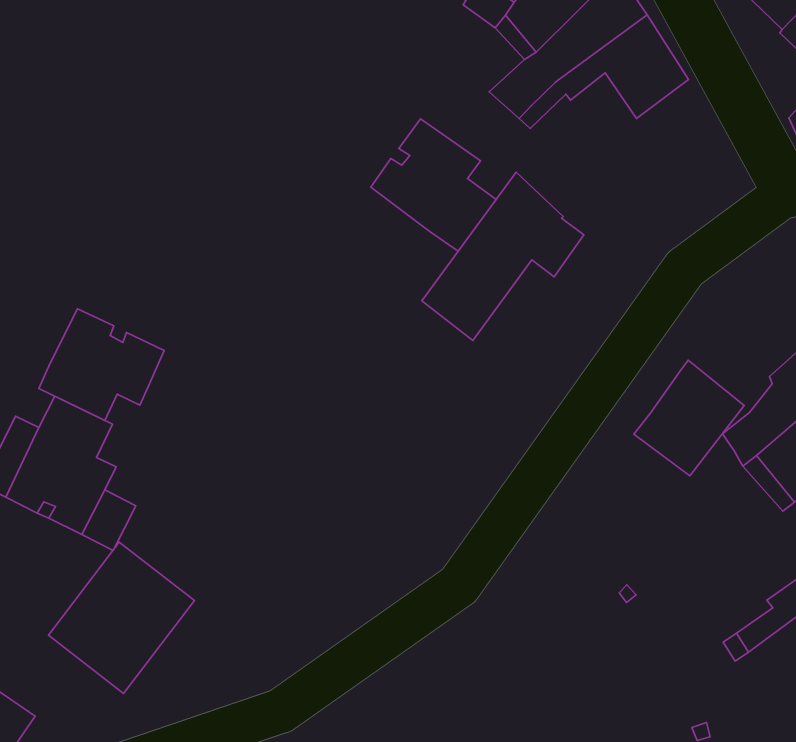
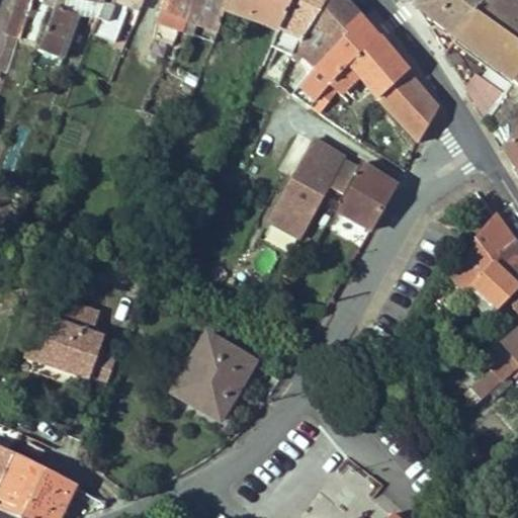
building: none -> [380,71,439,140]
building: [371,119,496,251] -> none
building: [39,309,164,421] -> none
building: [634,360,744,476] -> [336,161,398,228]
building: [48,542,194,693] -> [174,332,256,419]

